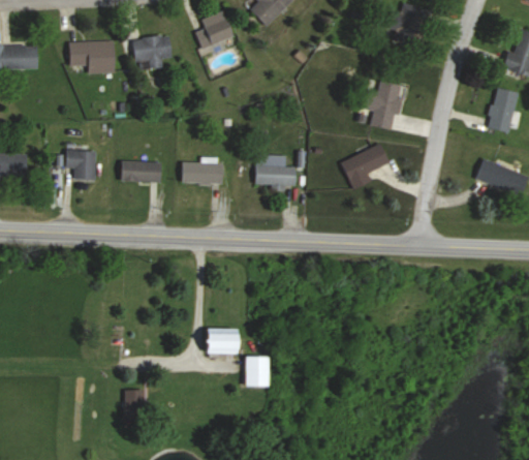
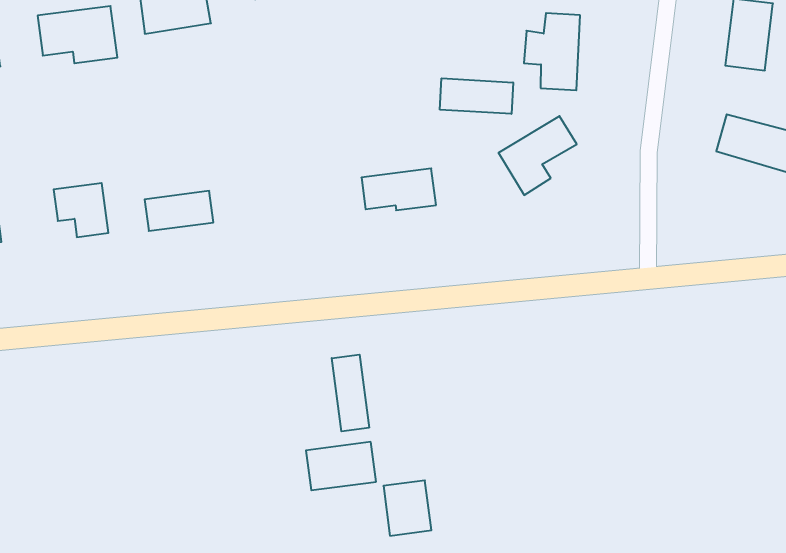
building: none -> [440,78,513,114]
building: [180,163,224,184] -> none
building: none -> [332,355,369,431]

